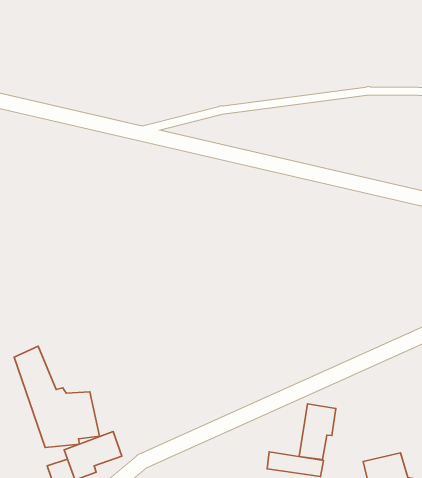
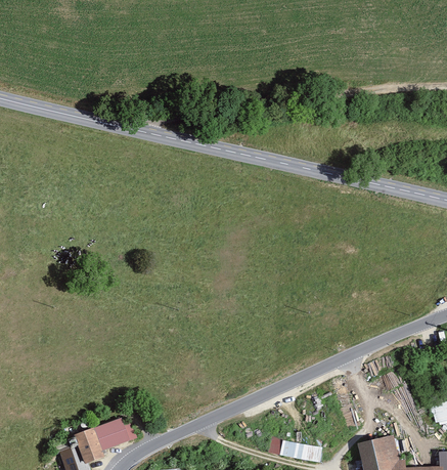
building: [14,346,100,447] -> none
building: [299,404,336,460] -> none

